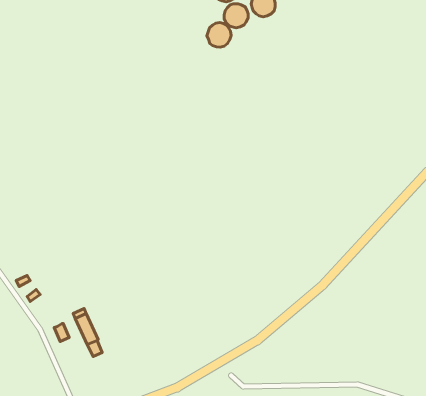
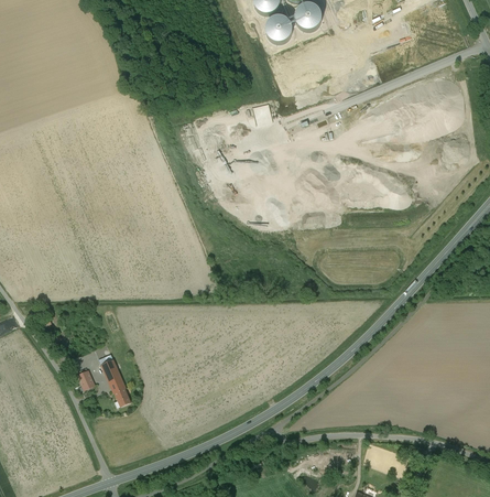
building: [207,22,231,47] -> none

